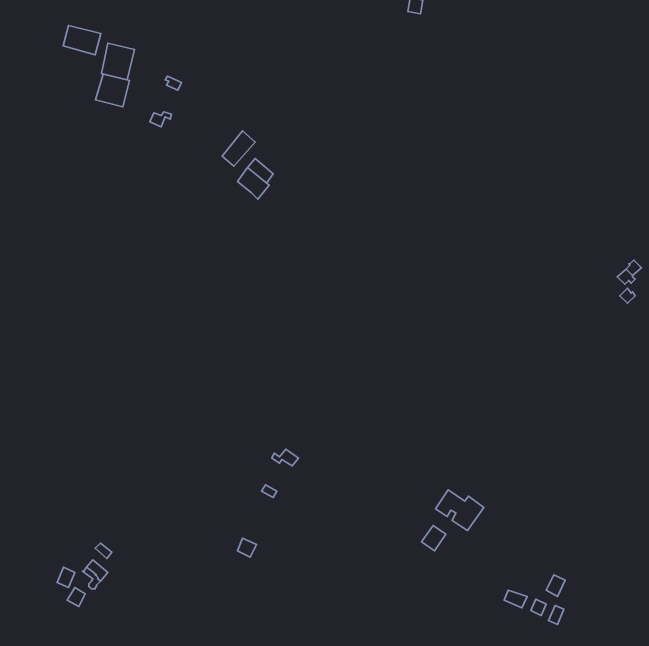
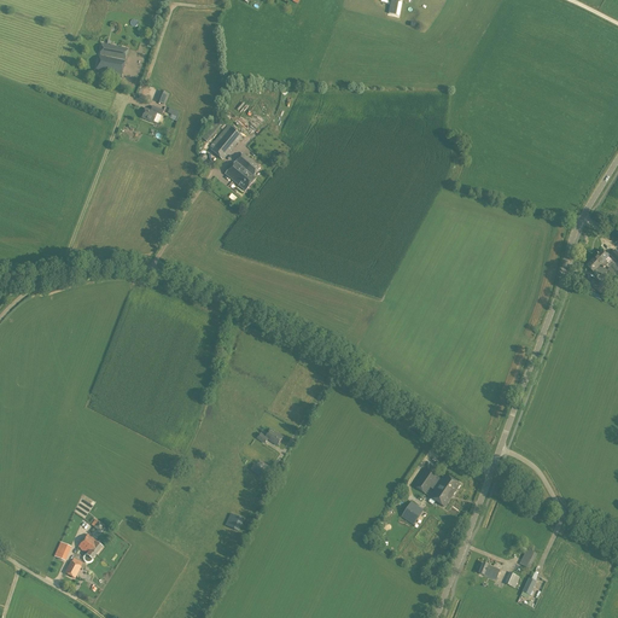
building: [63,26,101,55] -> none
building: [95,74,129,107] -> none

